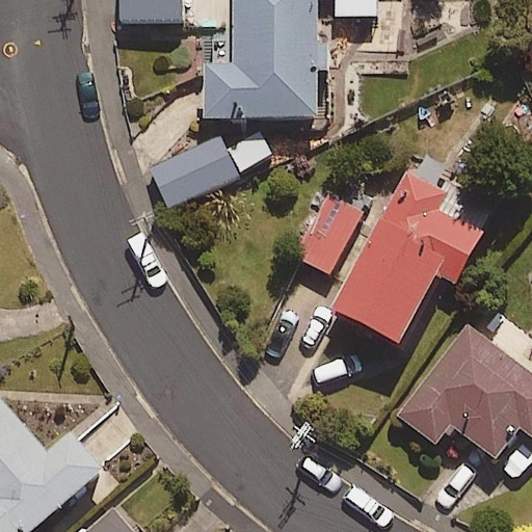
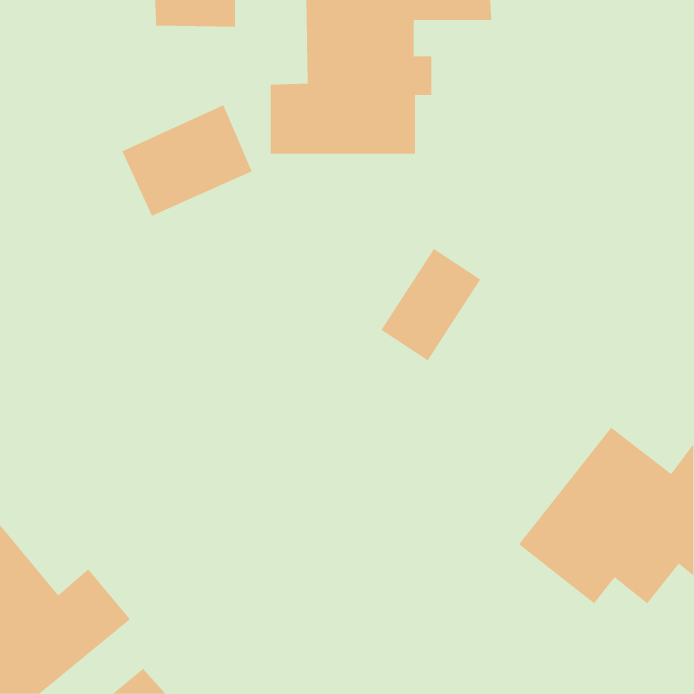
building: [139,128,239,213] -> [122,105,252,216]
building: [331,150,498,349] -> none

